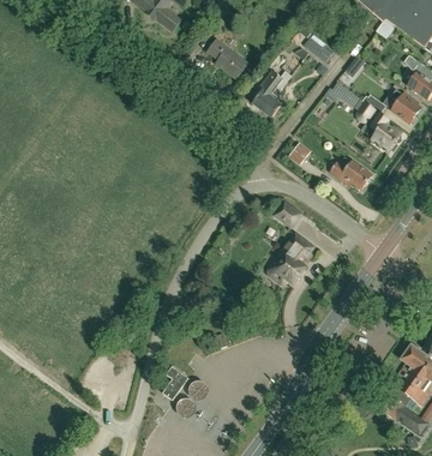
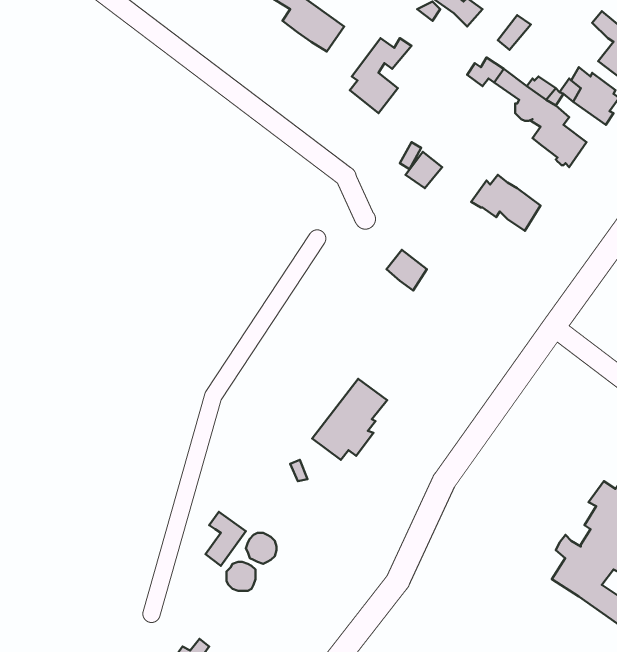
building: [268,235,314,286] -> [312,379,387,460]

